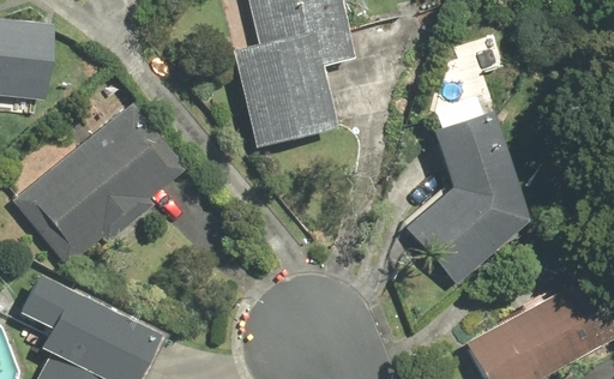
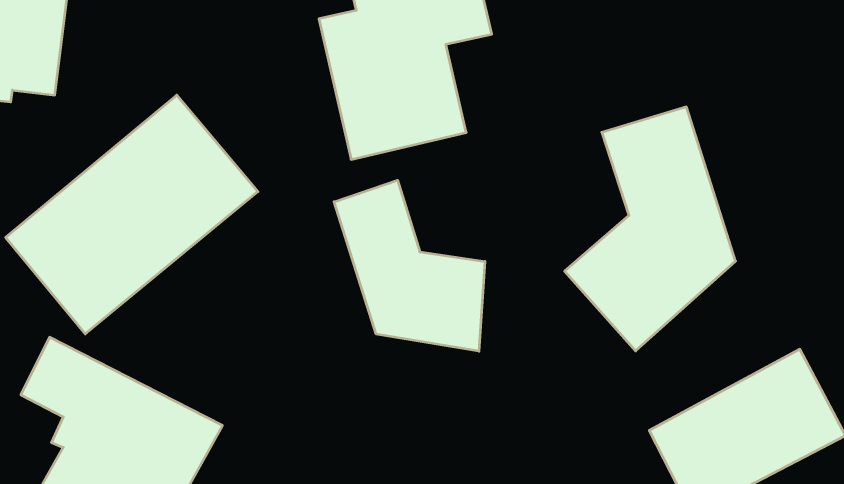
building: none -> [334,180,485,351]

